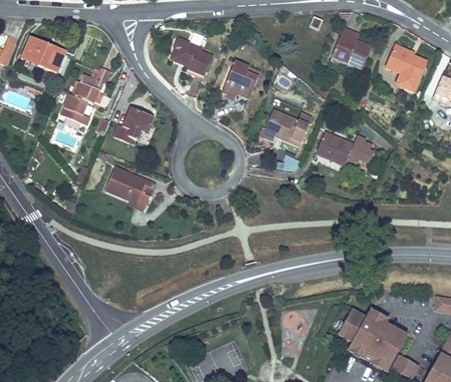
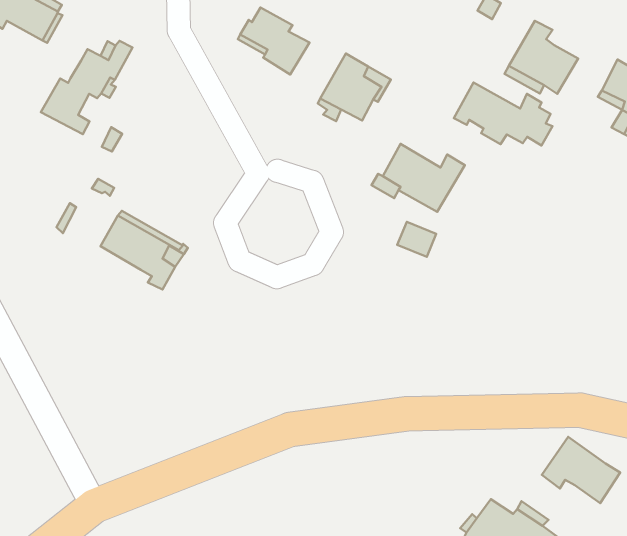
building: [114,106,153,142] -> none
building: [315,130,374,164] -> [454,83,552,145]
building: none -> [542,437,620,503]

